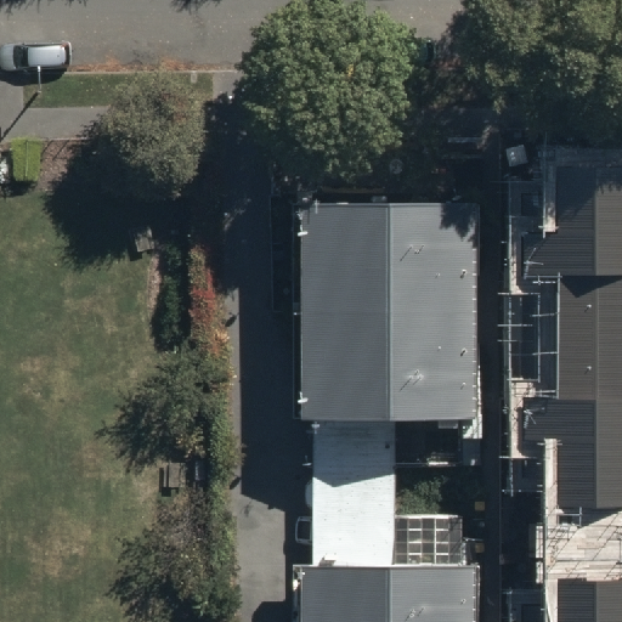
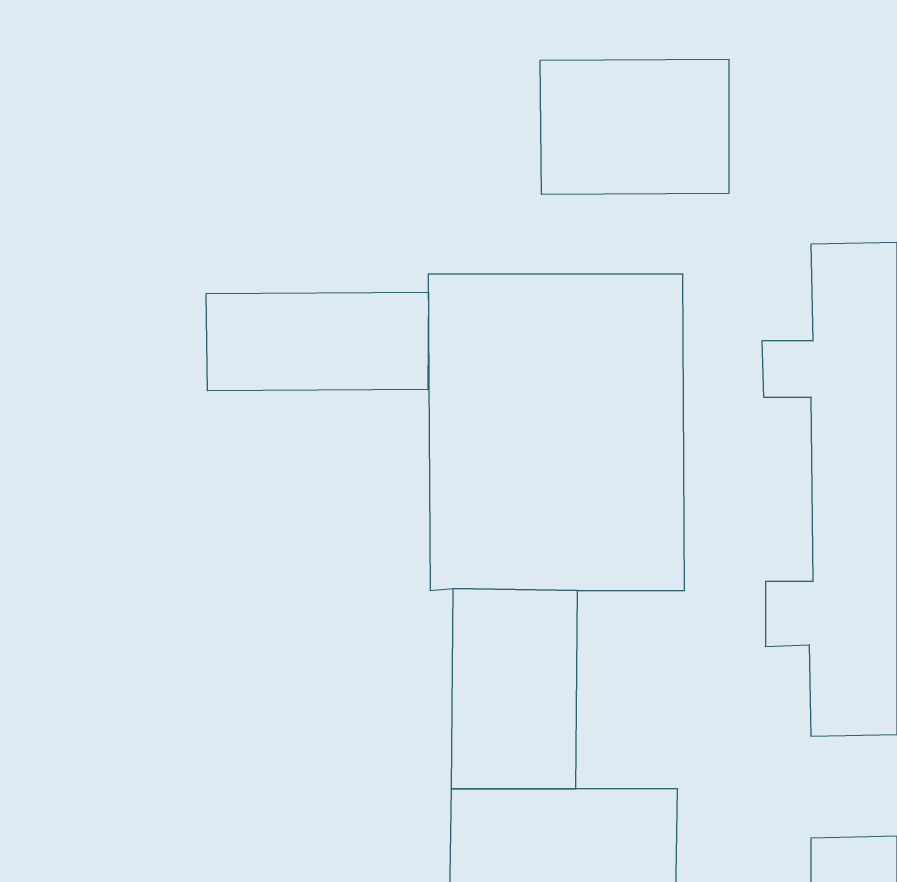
building: none -> [540,59,729,194]
building: none -> [206,292,428,391]

